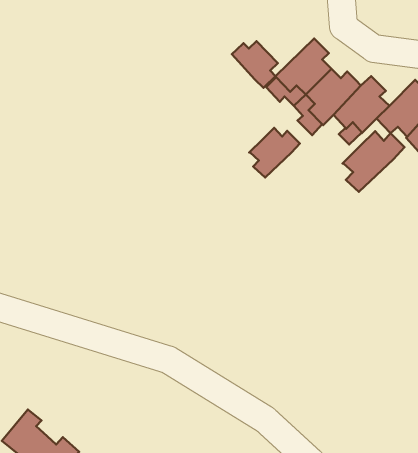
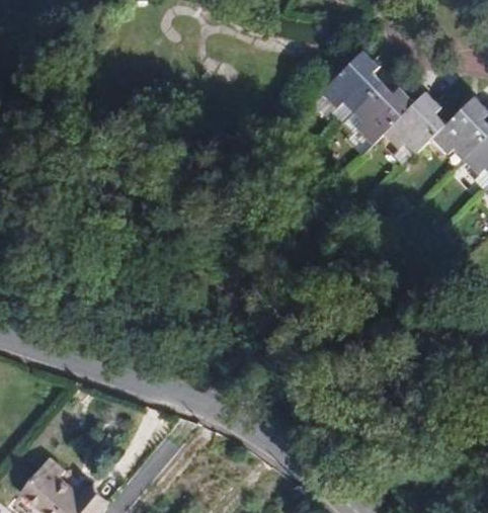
building: [232,41,278,88] -> none
building: [249,128,300,178] -> none
building: [343,131,404,192] -> none

